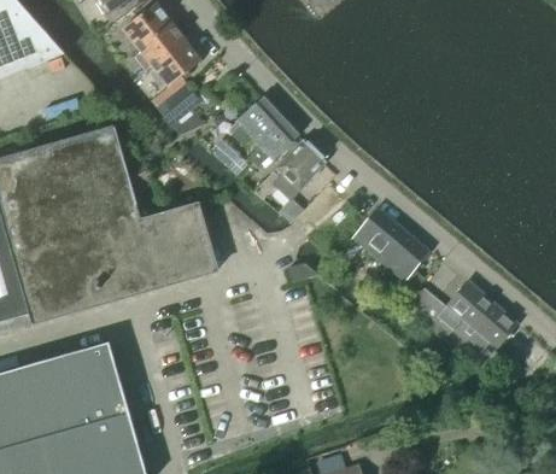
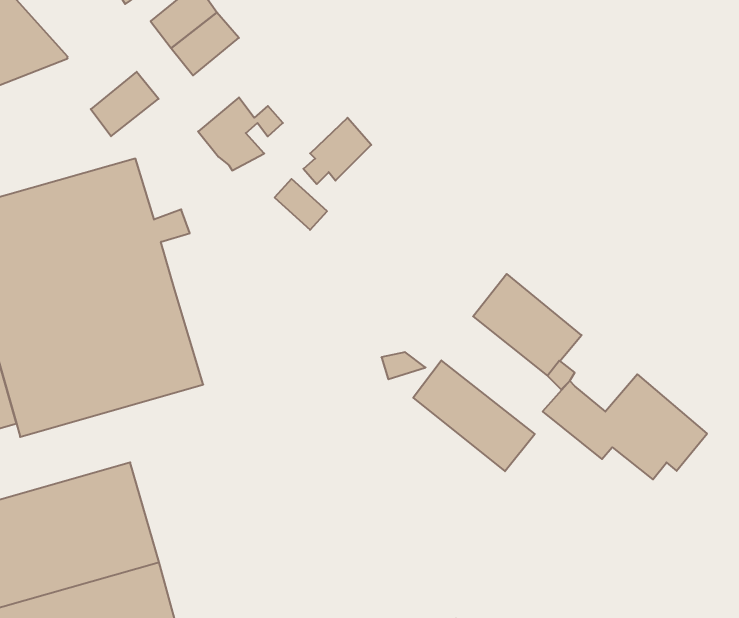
building: [153,40,201,86] -> [91,72,159,136]
building: [248,116,298,168] -> none
building: [254,139,326,199] -> none
building: [140,204,216,286] -> none
building: none -> [413,360,535,471]

